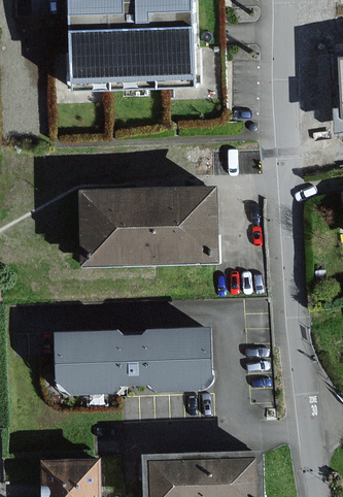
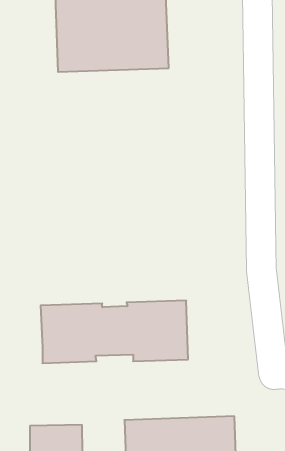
building: [81,186,216,264] -> none

